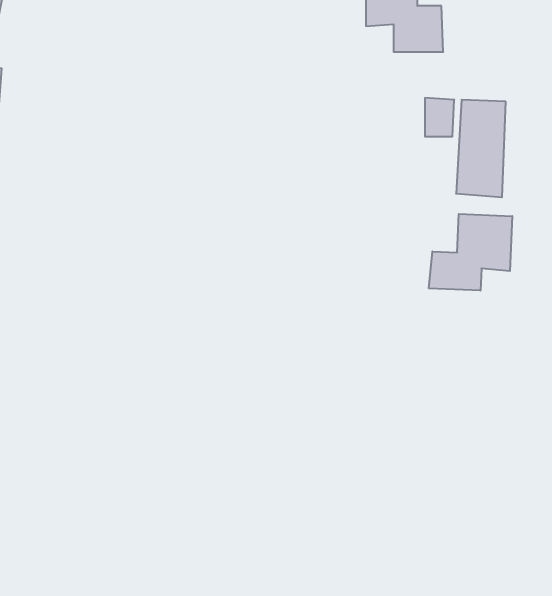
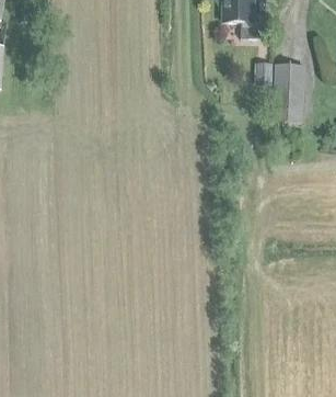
building: [429,214,512,291] -> none

